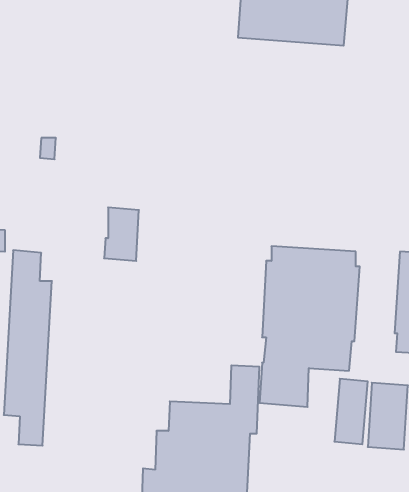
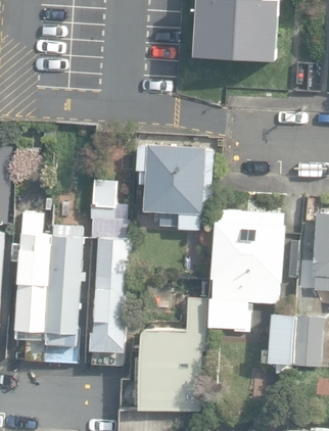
building: none -> [137,143,214,230]
building: none -> [44,226,84,364]
building: none -> [89,239,130,366]

